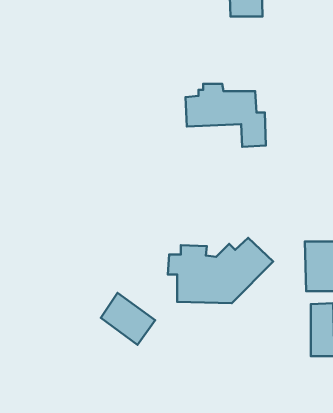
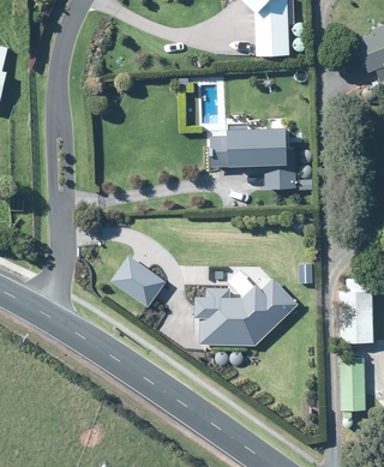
building: [101,293,155,345] -> [110,255,166,307]

